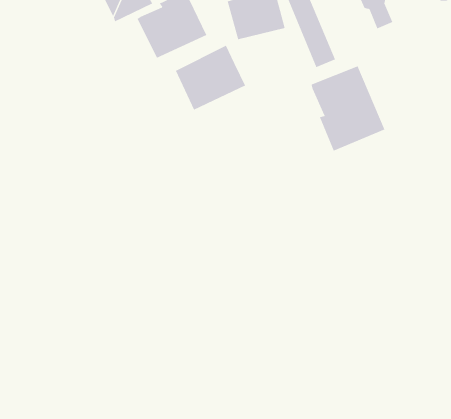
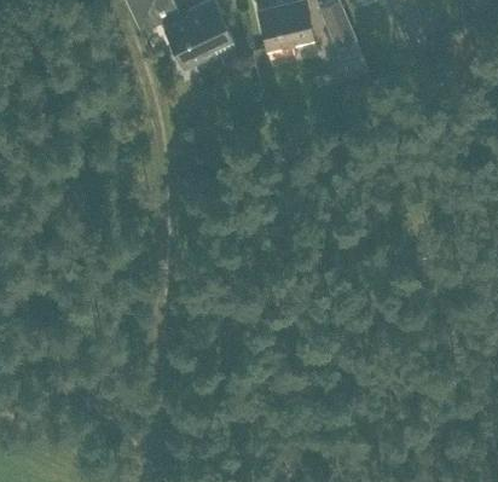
building: [175,45,246,111] -> none
building: [311,66,385,151] -> none

